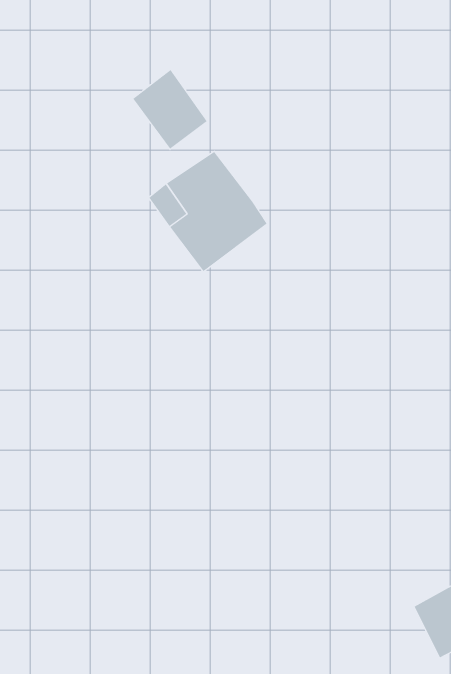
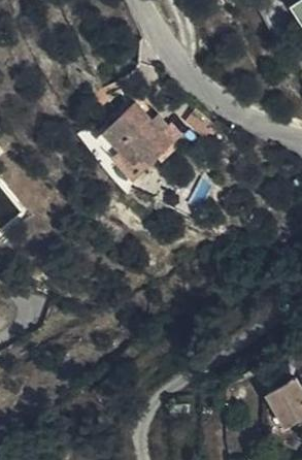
building: [133,69,207,150] -> none

